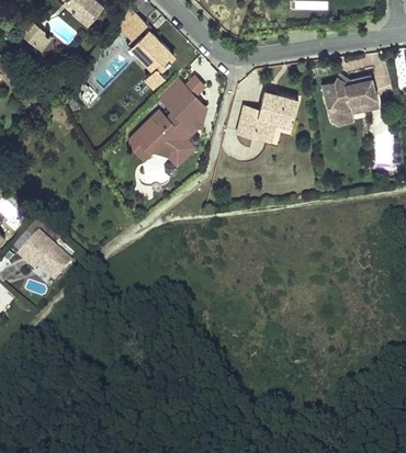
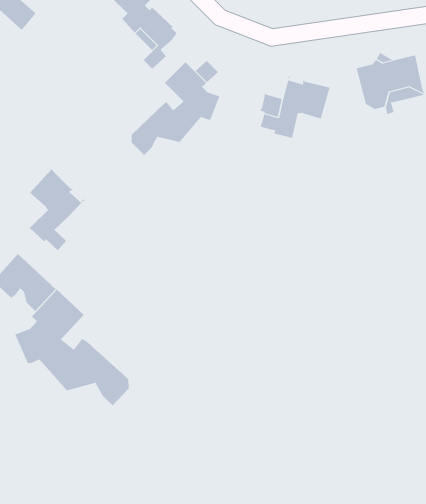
building: [150,125,196,167] -> none
building: none -> [29,168,85,251]
building: none -> [15,289,129,406]

